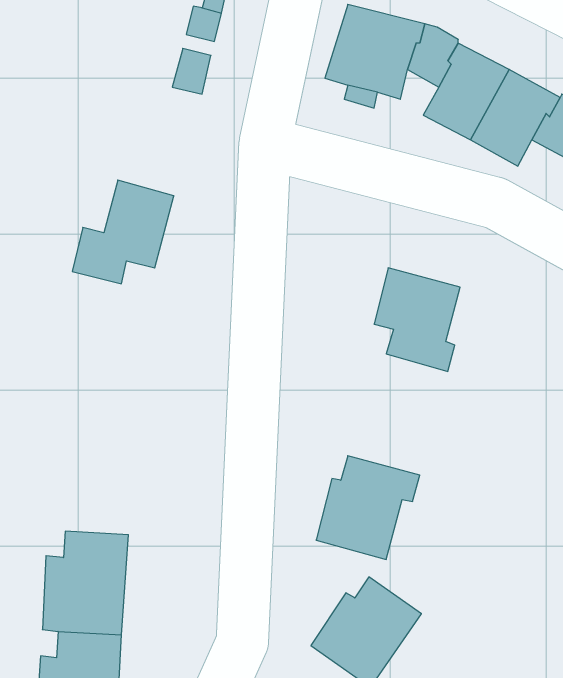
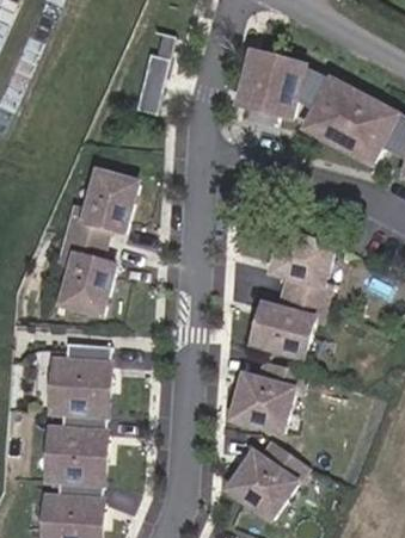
building: none -> [59,236,115,315]
building: none -> [253,292,323,357]
building: none -> [50,345,110,415]

